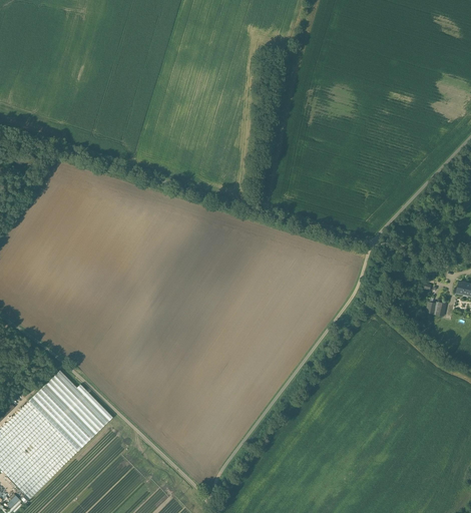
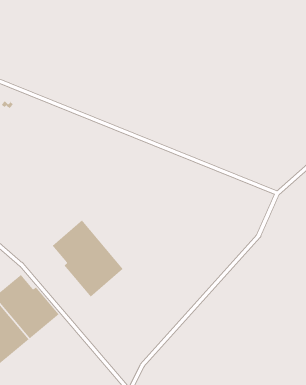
building: none -> [52,219,124,298]

